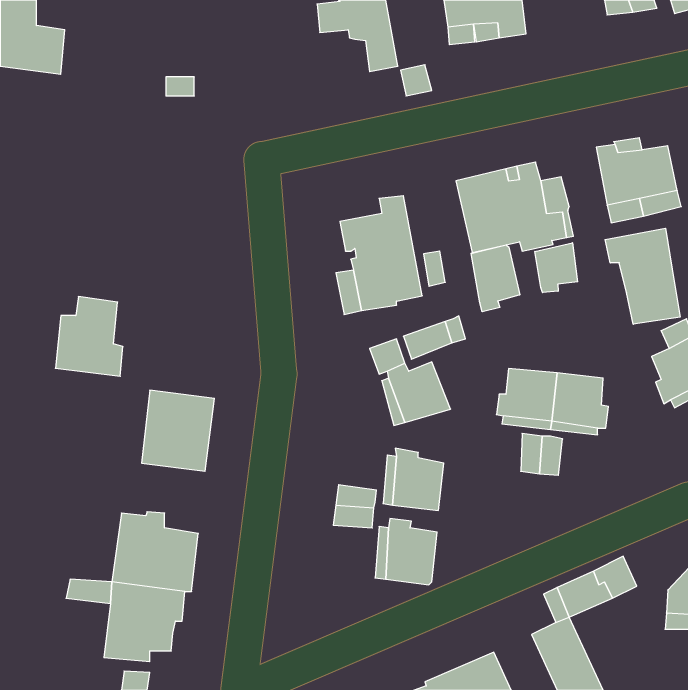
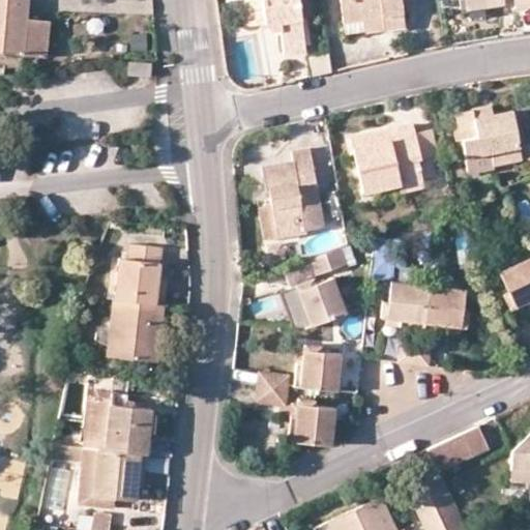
building: [605,228,680,324] -> none
building: [535,243,578,293] -> none
building: [471,245,520,312] -> none
building: [55,297,123,376] -> [116,244,168,305]

